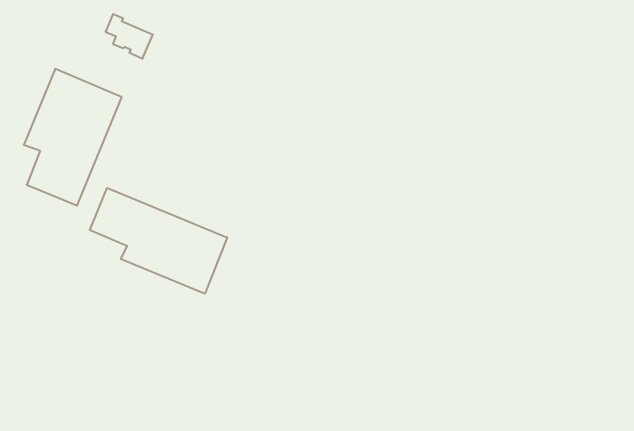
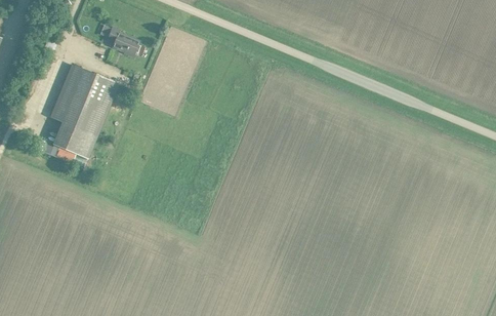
building: [90,188,227,294] -> none

